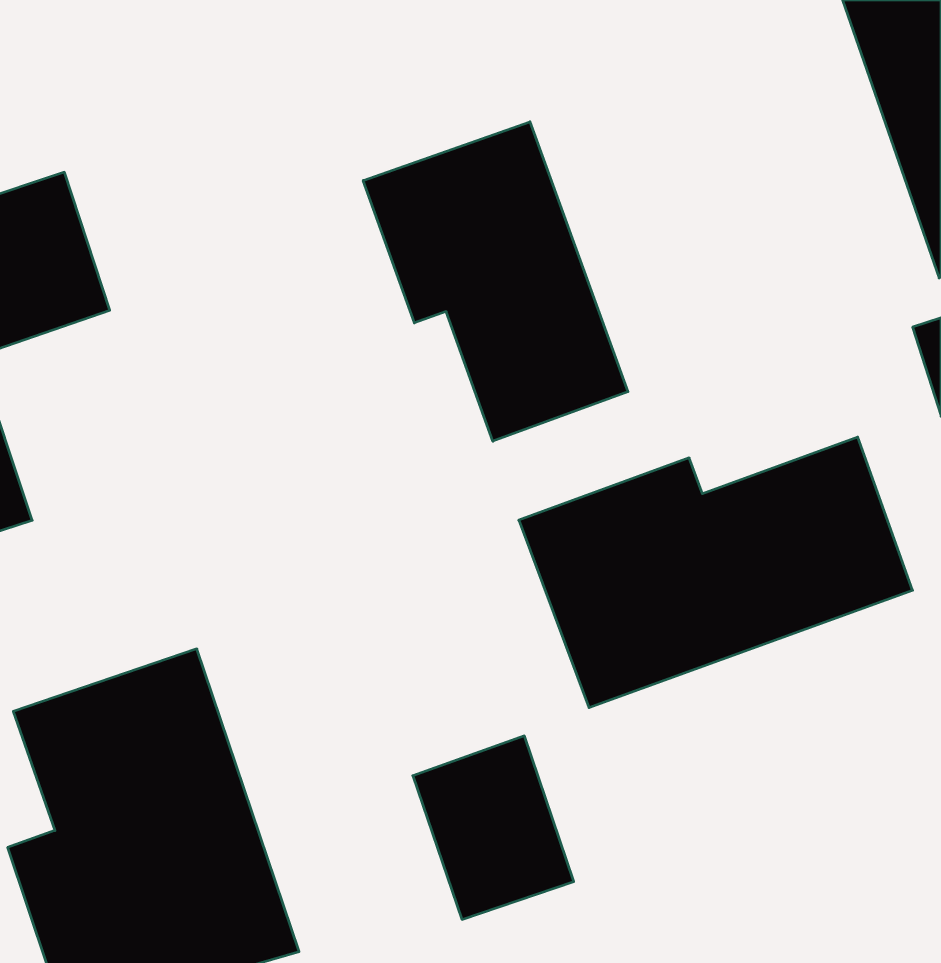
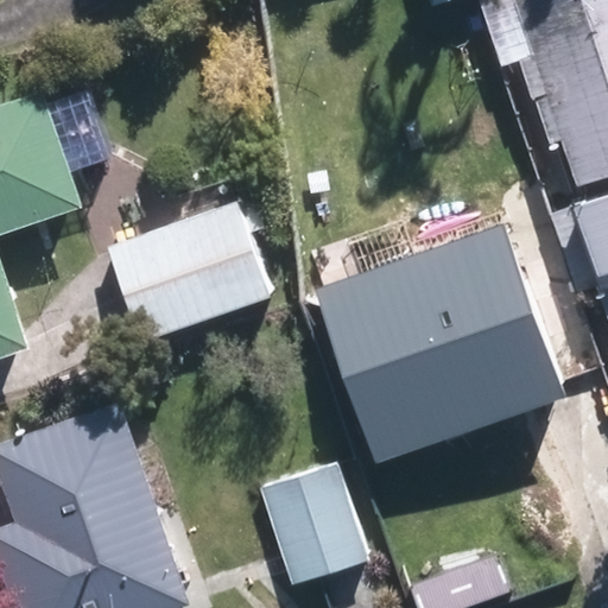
building: [363,122,628,441] -> none
building: none -> [109,208,265,335]

